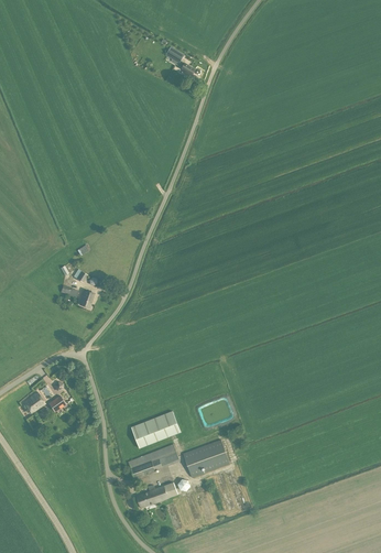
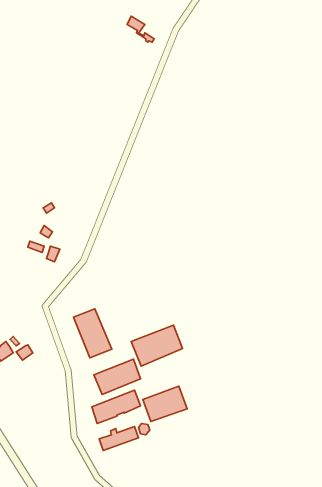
building: none -> [74,309,112,358]
building: none -> [131,325,182,366]

